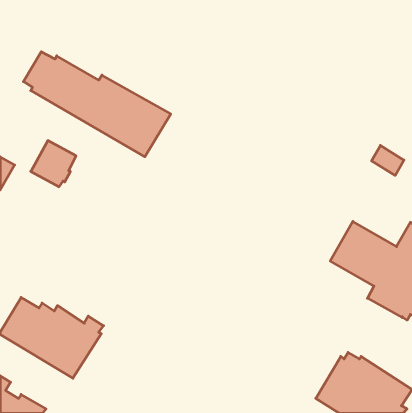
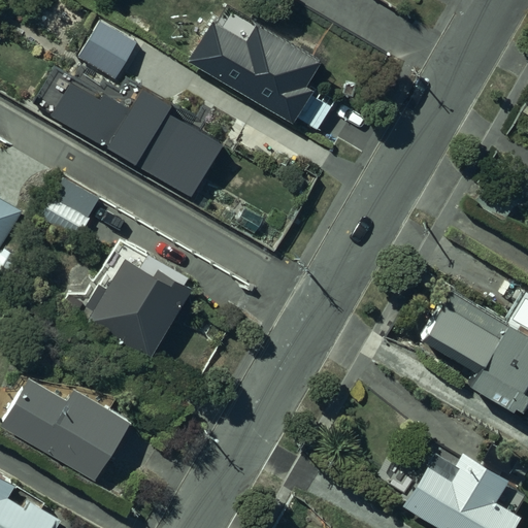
building: none -> [189,13,333,132]
building: none -> [79,23,136,79]
building: none -> [86,239,192,362]

